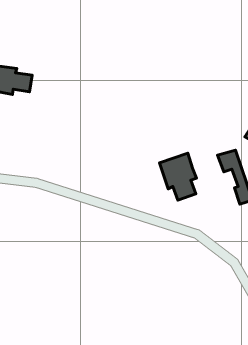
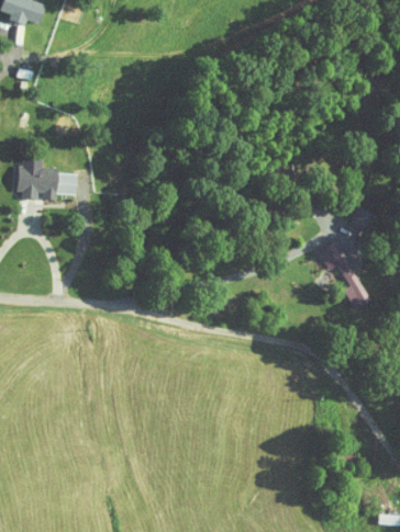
building: [160,153,196,200] -> none

